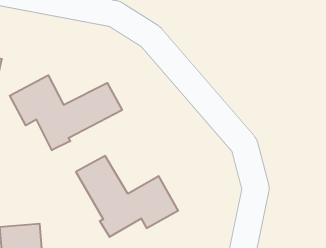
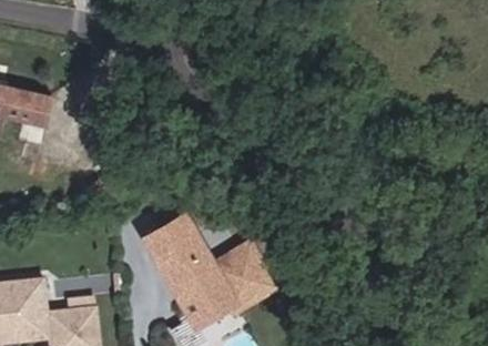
building: [10,75,122,150] -> none

